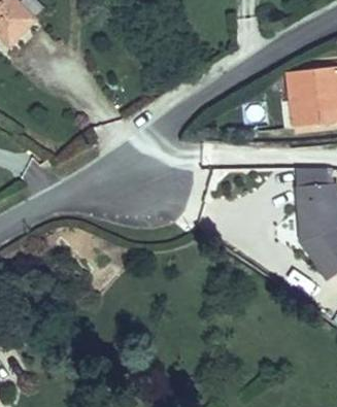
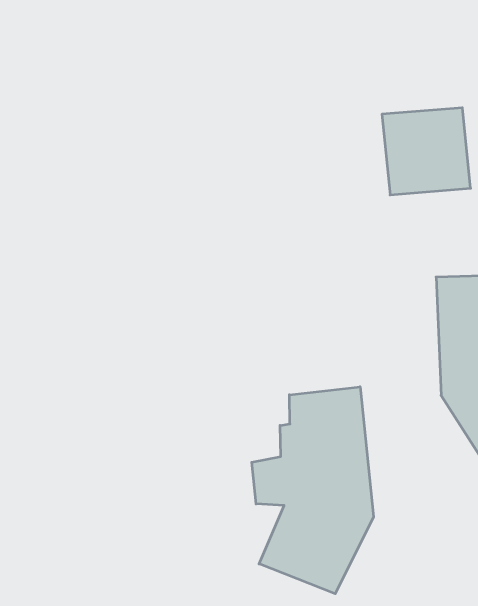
building: none -> [252,387,374,594]

